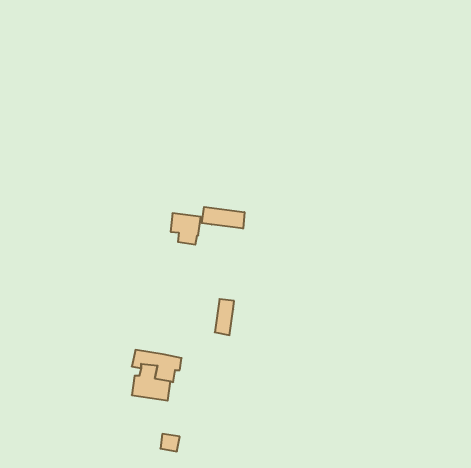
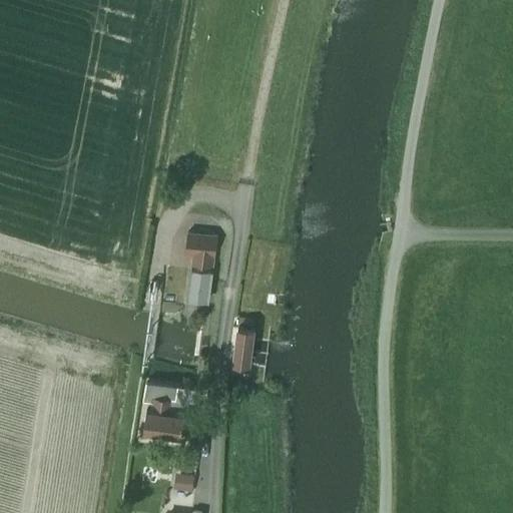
building: [202,207,244,229] -> none
building: none -> [187,273,211,304]

